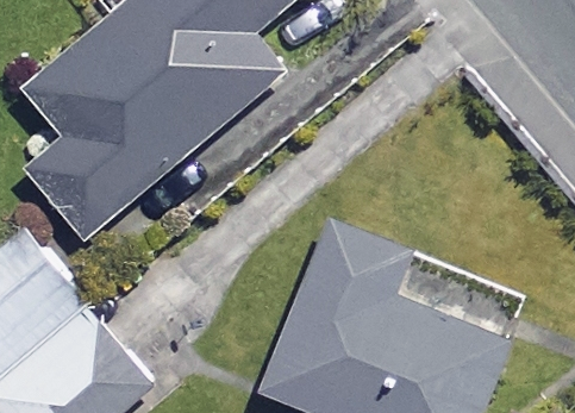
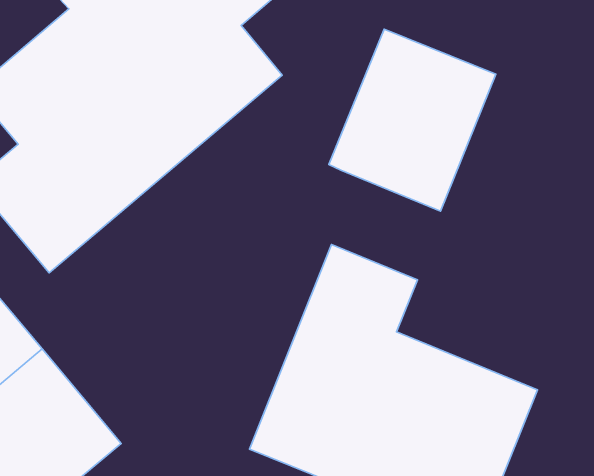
building: none -> [329,29,496,211]

